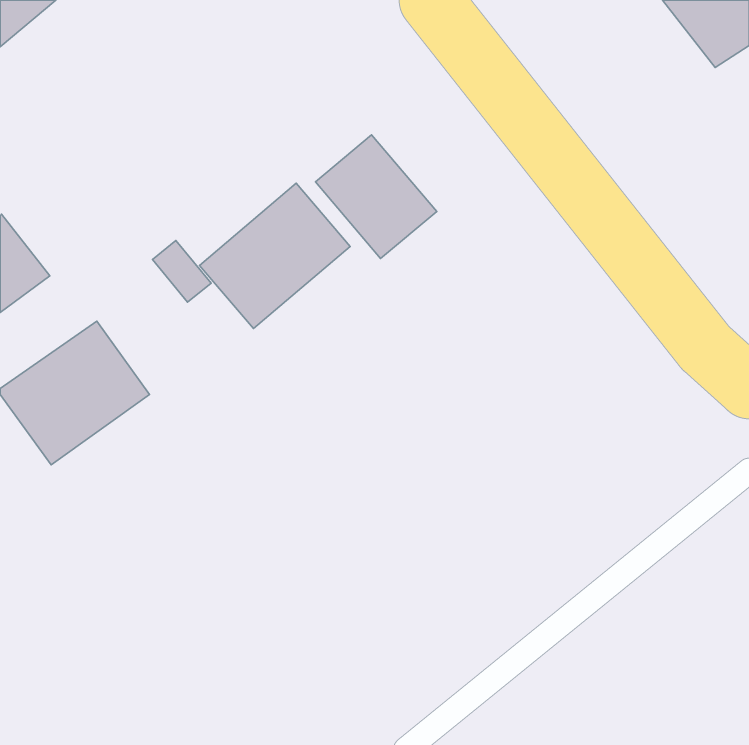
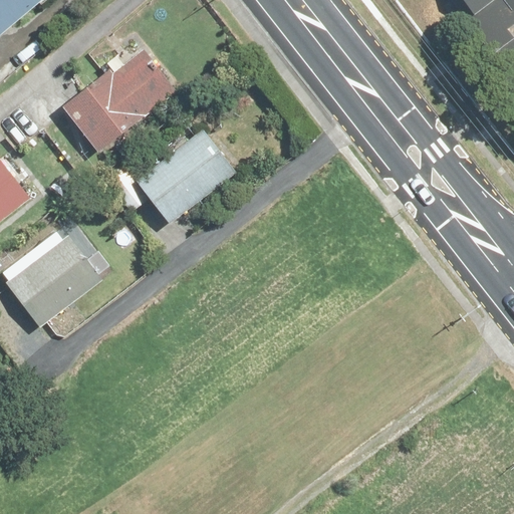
building: none -> [60,45,174,154]
building: [316,135,437,259] -> none

